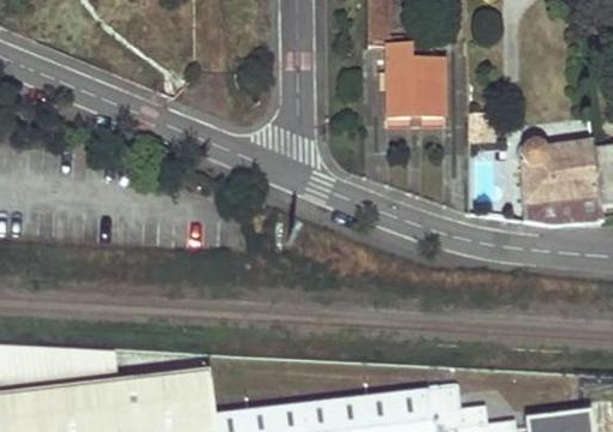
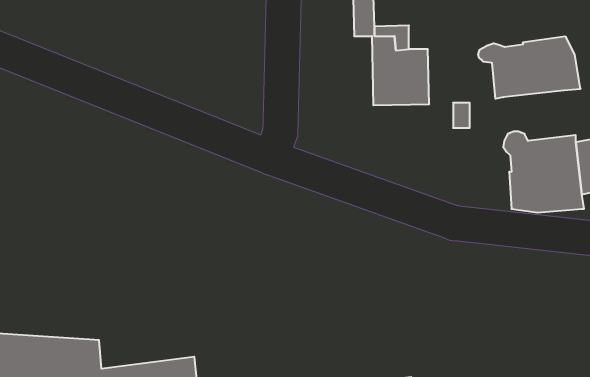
building: none -> [478,36,580,99]

